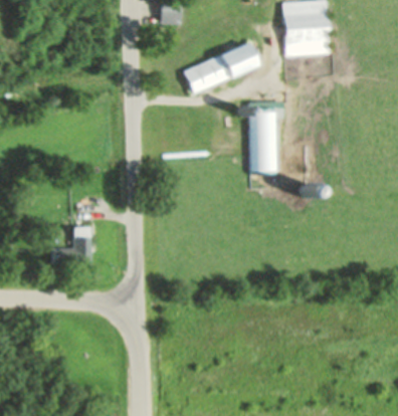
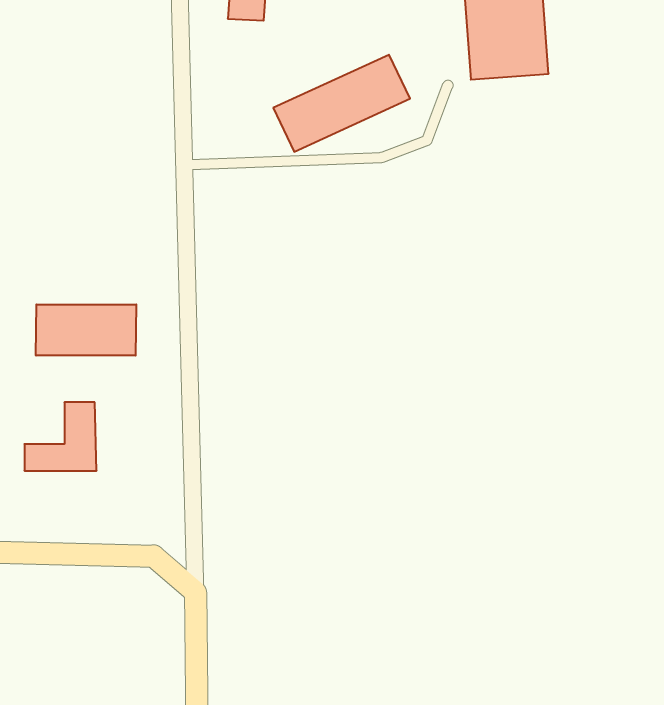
building: [251,106,283,189] -> none
building: none -> [36,304,136,356]

